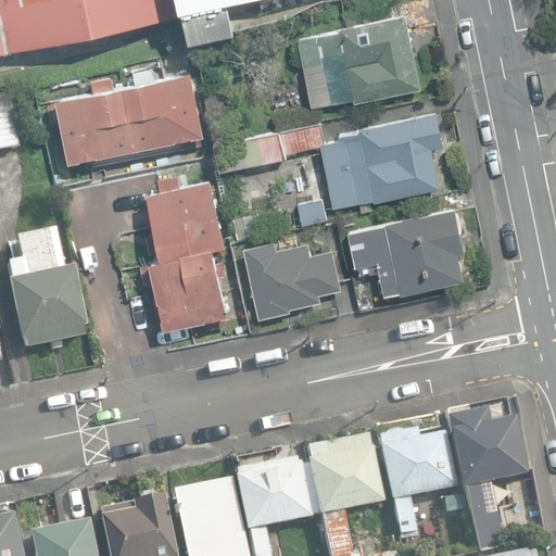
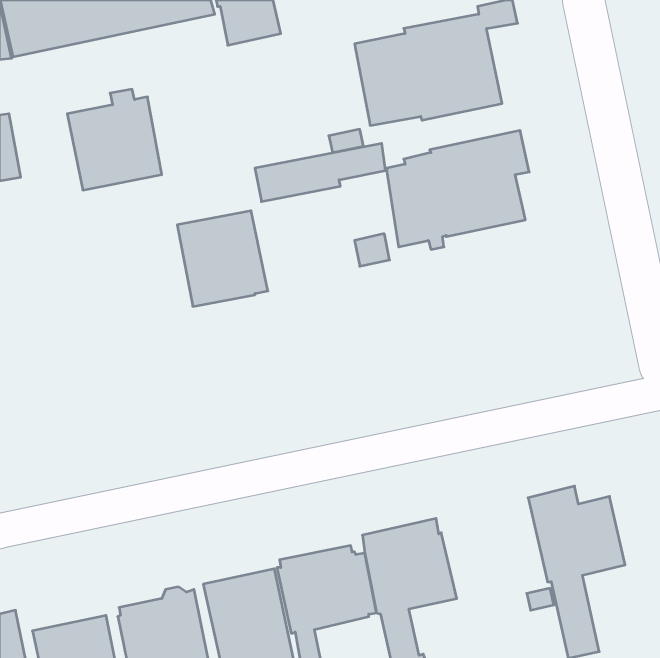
building: [124,68,204,149] -> none
building: [349,208,465,296] -> none
building: [7,233,85,353] -> none
building: [243,241,340,319] -> none
building: [150,250,227,329] -> none
building: [376,431,454,536] -> none

